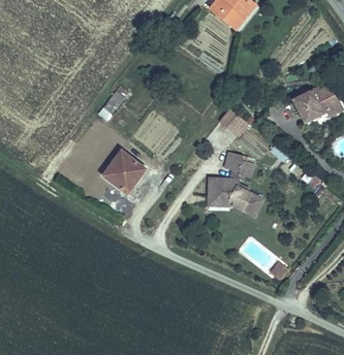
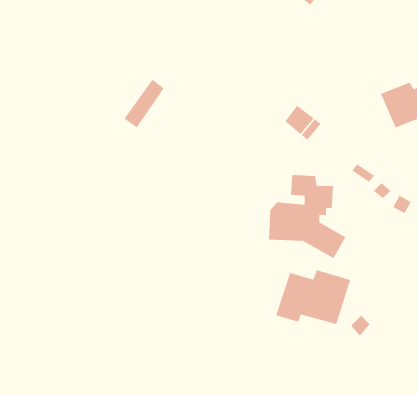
building: [107,146,148,188] -> none
building: none -> [275,270,351,325]

